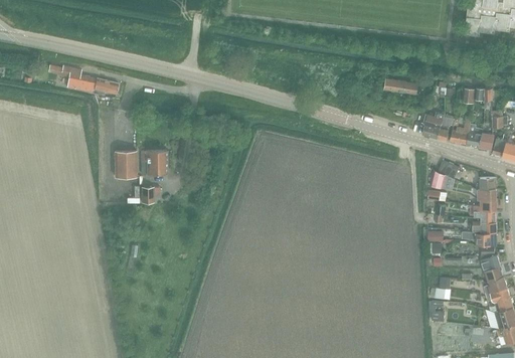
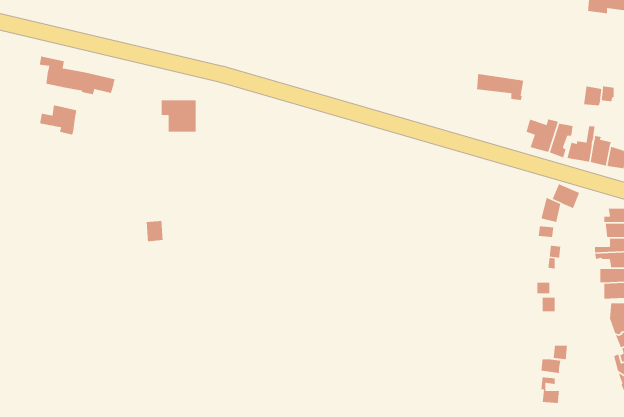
building: none -> [39,105,77,135]
building: [114,149,136,175] -> none
building: [141,149,167,173] -> [161,99,197,132]

